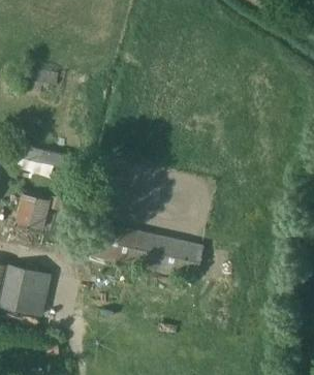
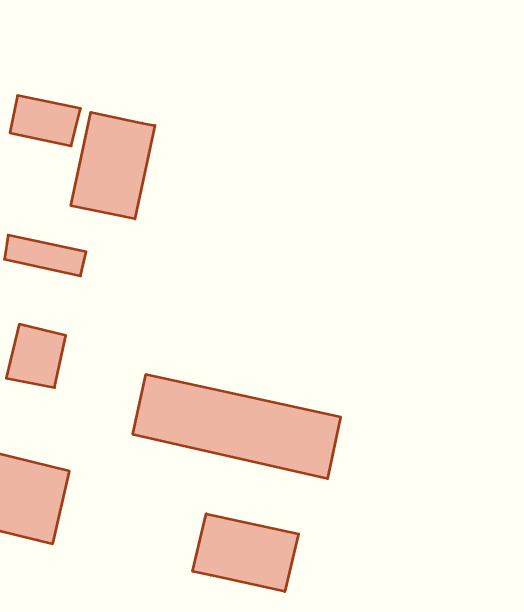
building: none -> [71,112,155,219]
building: none -> [193,514,299,592]

